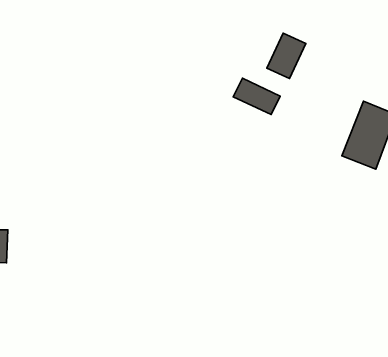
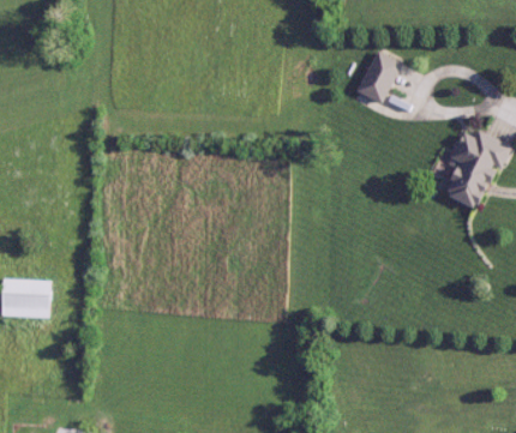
building: [233,78,280,114] -> none

